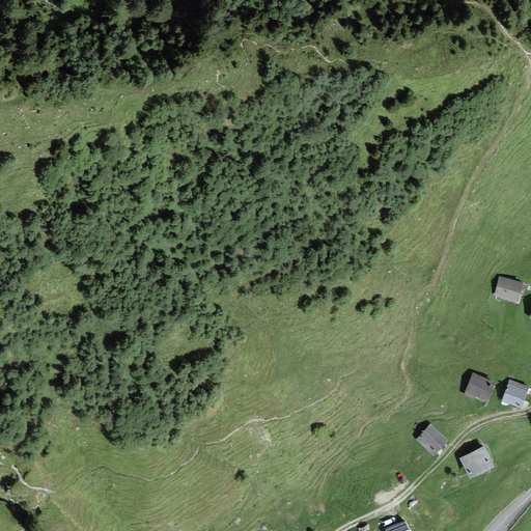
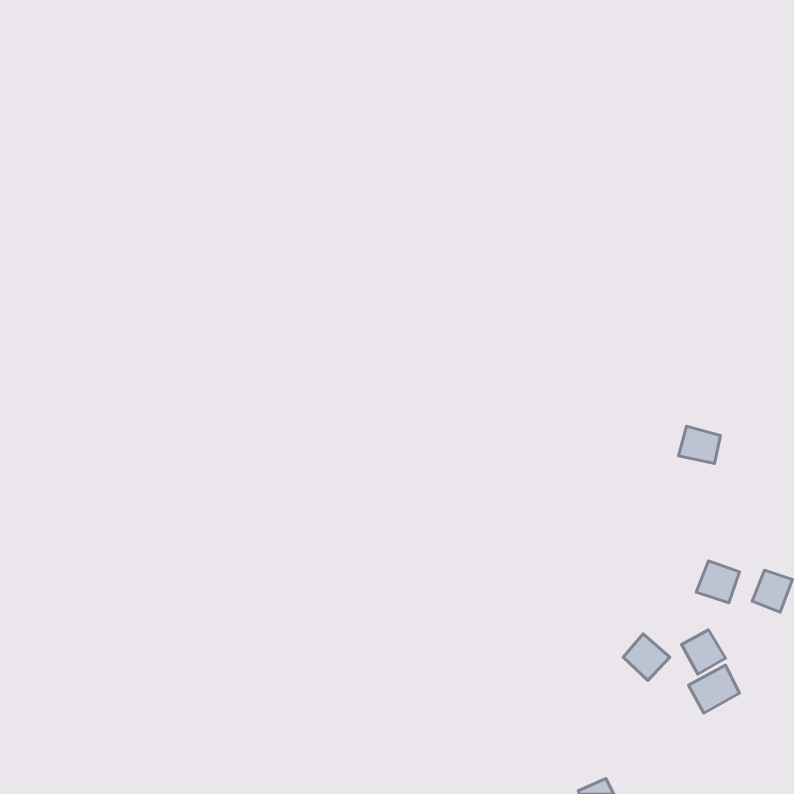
building: [494,276,522,301] -> [679,426,721,463]
building: none -> [681,630,725,674]

